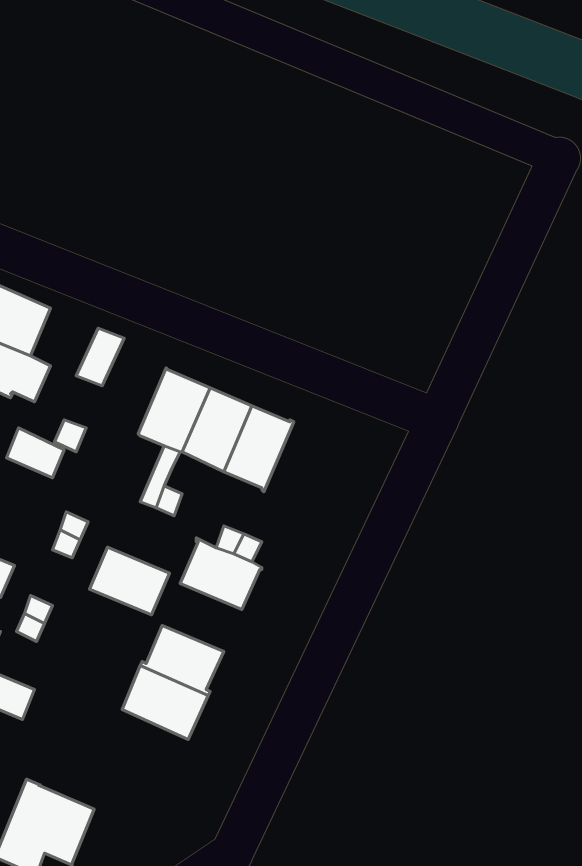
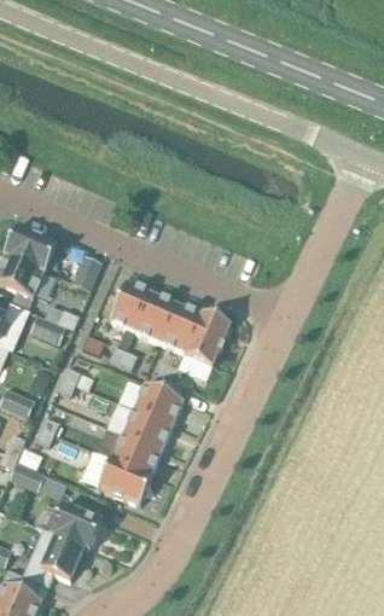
building: none -> [185,312,229,365]
building: [90,547,169,615] -> [123,409,171,451]
building: none -> [48,504,100,550]

